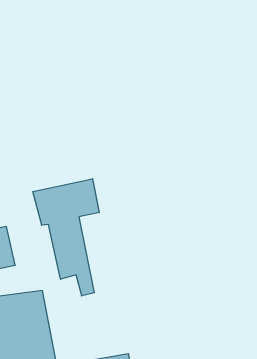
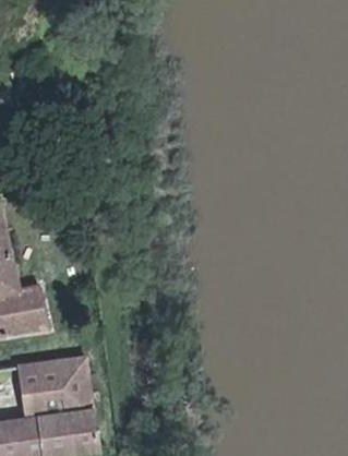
building: [33,179,99,296] -> none

